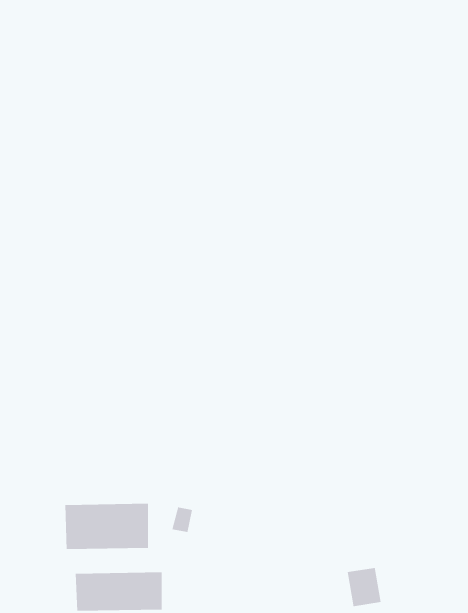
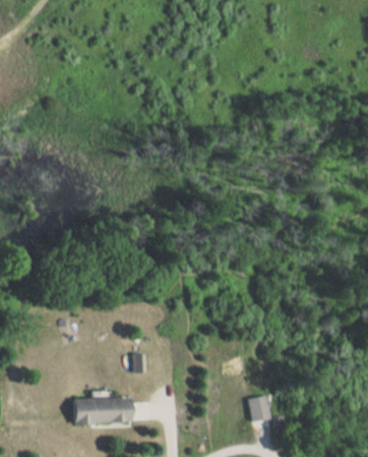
building: [65,503,148,550] -> none

